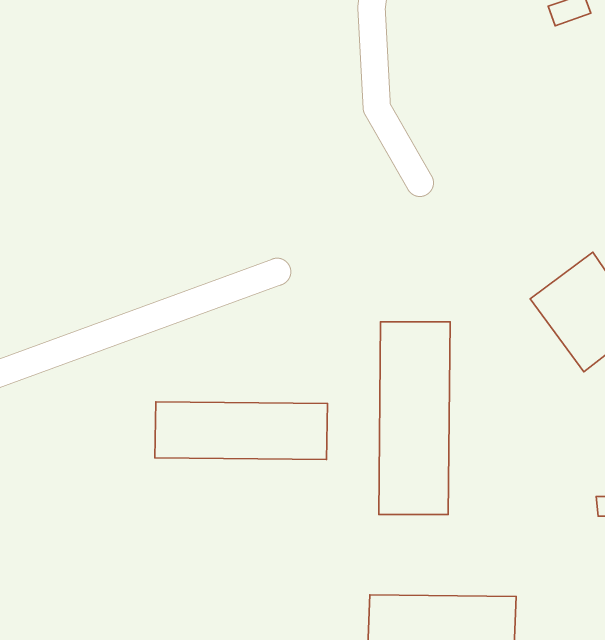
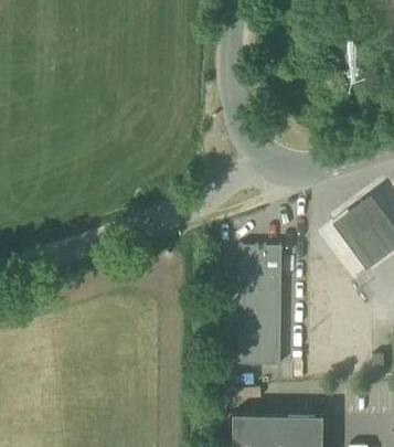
building: [155,402,328,459] -> none

